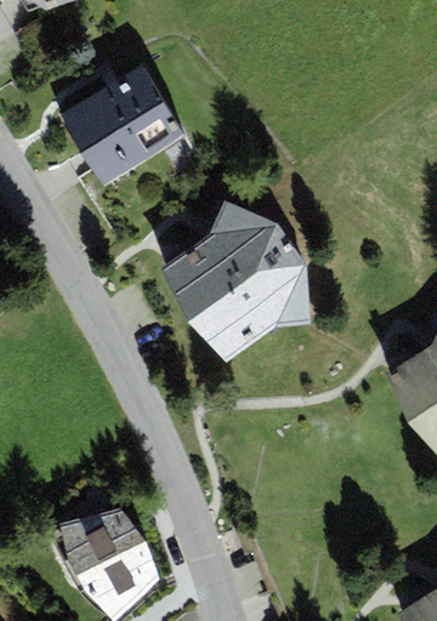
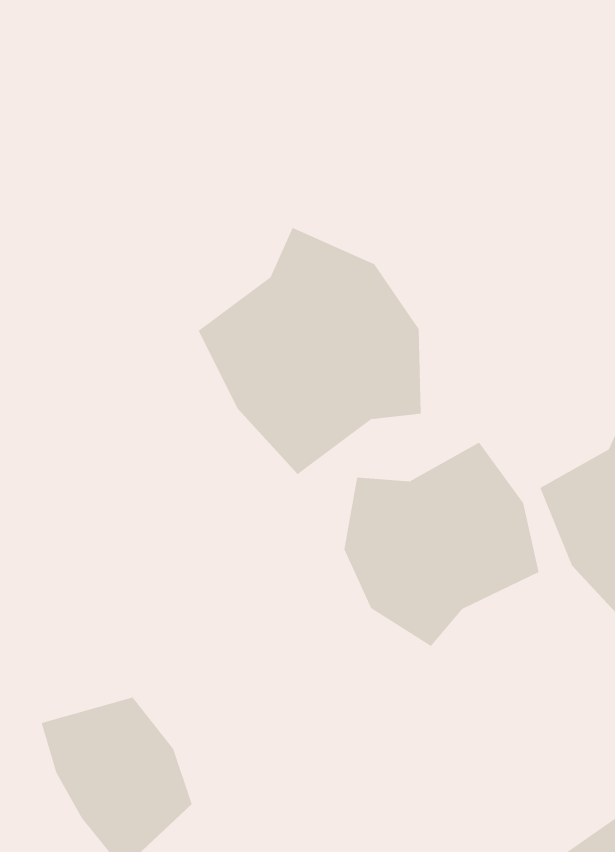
building: [62,65,183,183] -> none
building: none -> [344,442,539,647]

